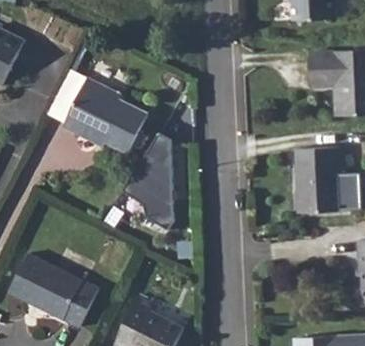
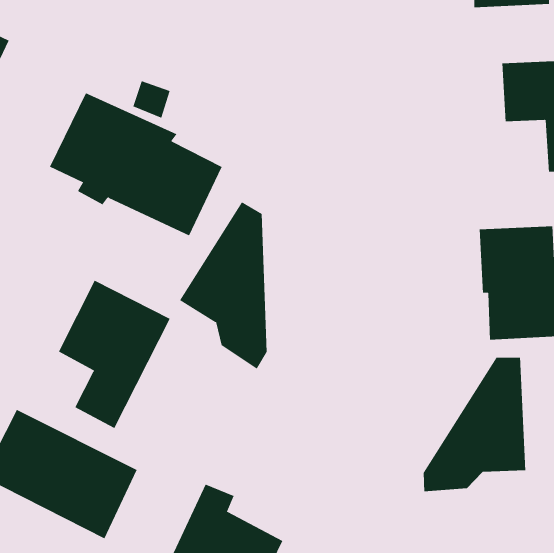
building: none -> [58,280,171,429]
building: none -> [423,357,526,492]

